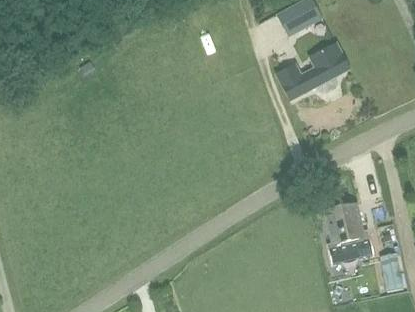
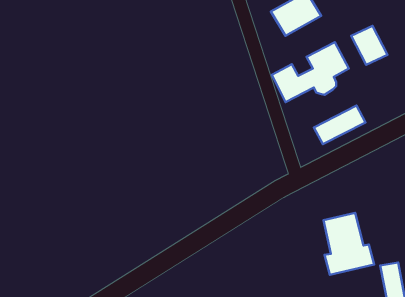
building: none -> [351,26,387,65]
building: none -> [314,106,365,144]

